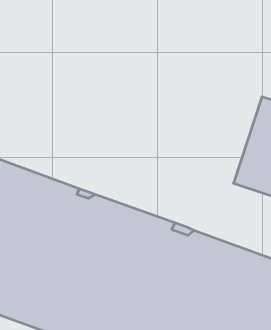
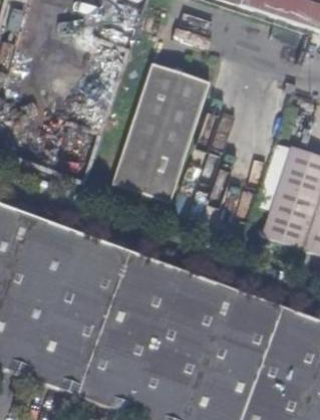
building: none -> [114,55,213,198]

